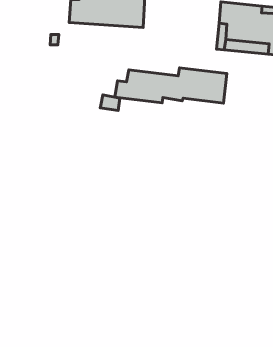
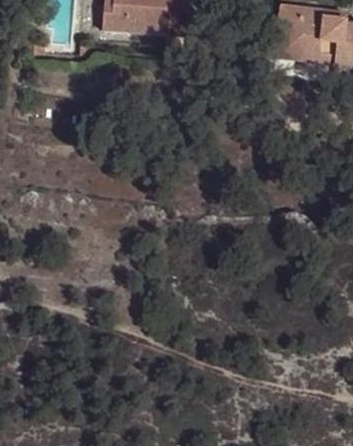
building: [115,68,227,103] -> none

